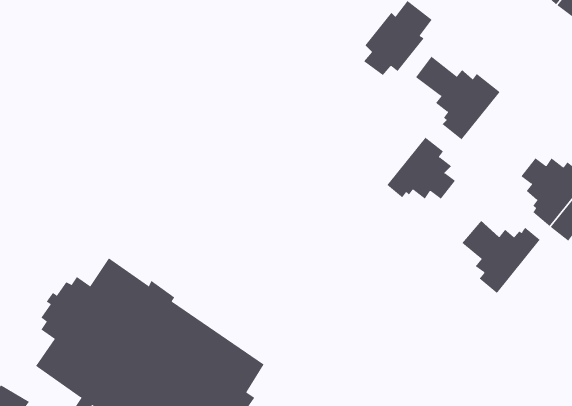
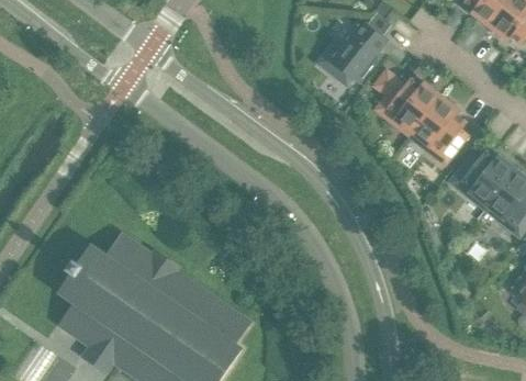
building: [386,137,456,200] -> [412,97,469,148]
building: [462,220,541,294] -> none

